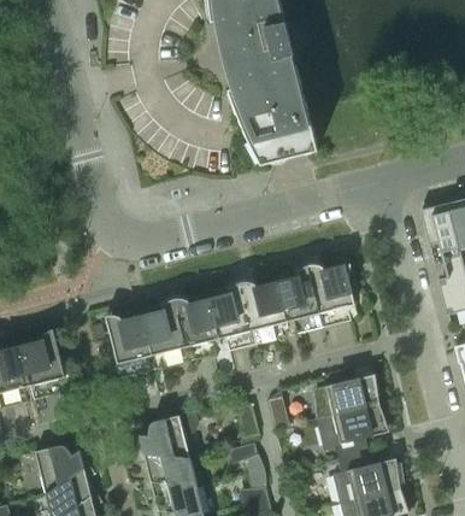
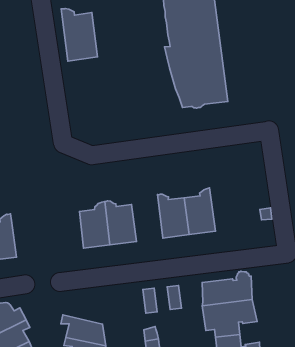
building: none -> [61,8,98,61]
building: [306,262,355,319] -> none
building: [207,281,253,345] -> none
building: [104,313,152,379] -> none
building: [135,410,198,457] -> none

